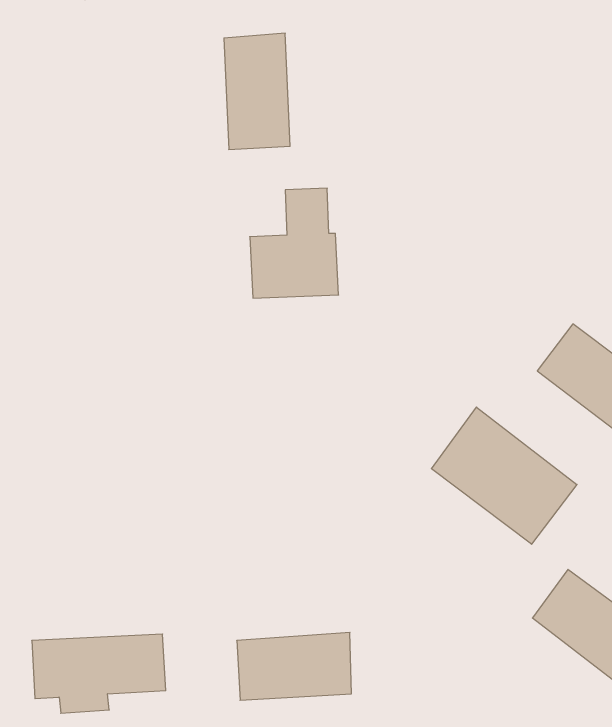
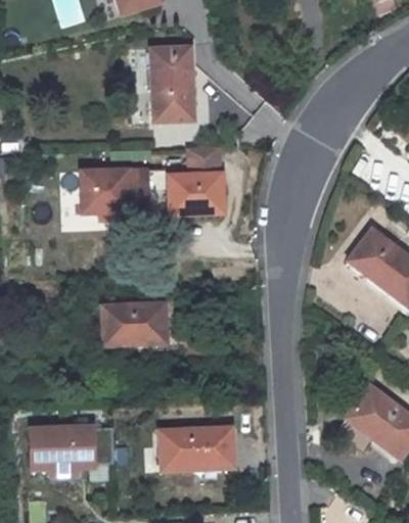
building: none -> [81,168,149,217]
building: [431,407,577,544] -> none
building: none -> [102,301,168,345]

